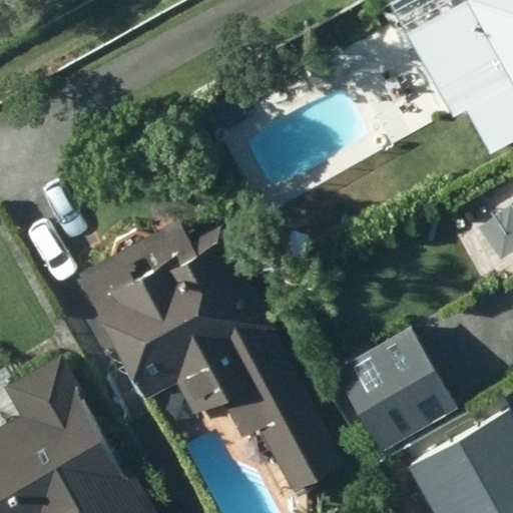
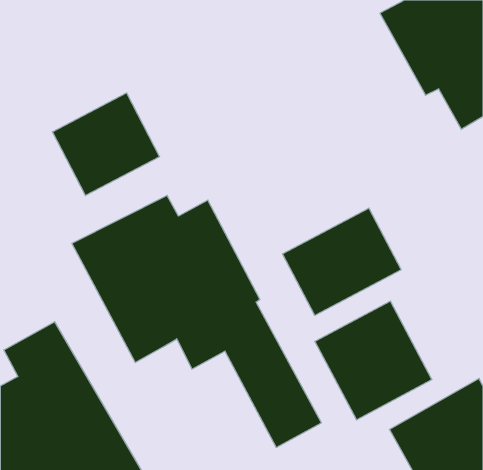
building: none -> [52,93,160,196]
building: none -> [283,208,401,315]

